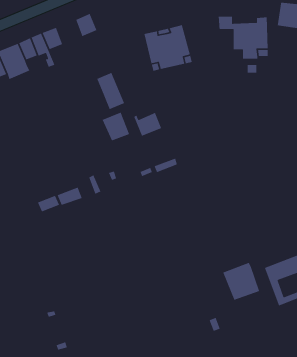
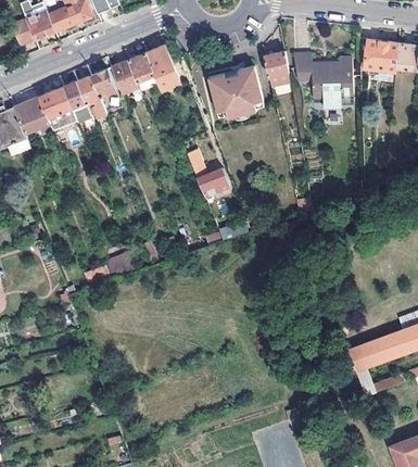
building: none -> [264,52,289,86]
building: none -> [110,61,138,94]
building: [96,72,125,110] -> [145,46,179,90]
building: [102,111,130,142] -> none
building: [222,262,260,301] -> none

